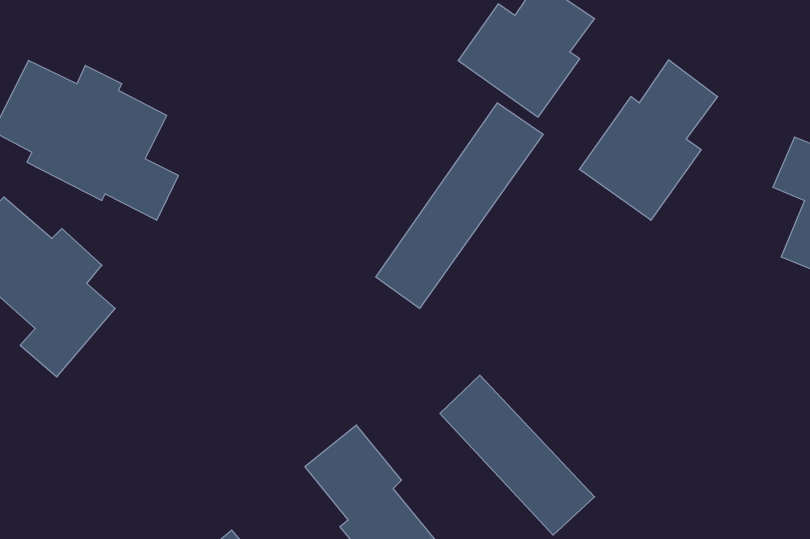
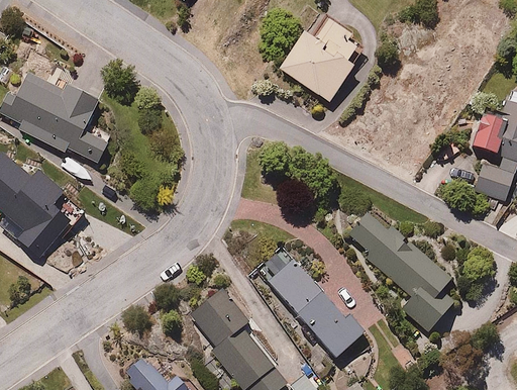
building: [579,60,718,220] -> none
building: [376,103,543,309] -> none
building: none -> [341,207,457,331]

